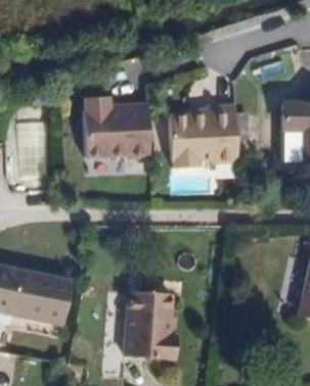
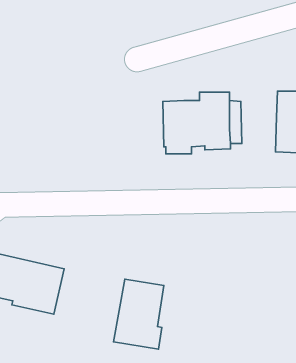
building: [82,95,148,156] -> none
building: [16,120,46,186] -> none

